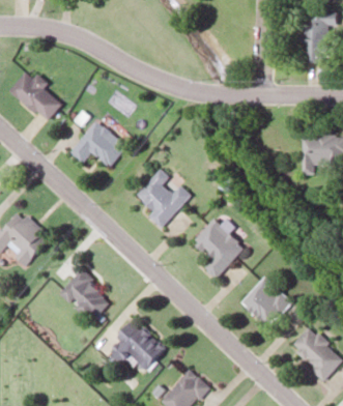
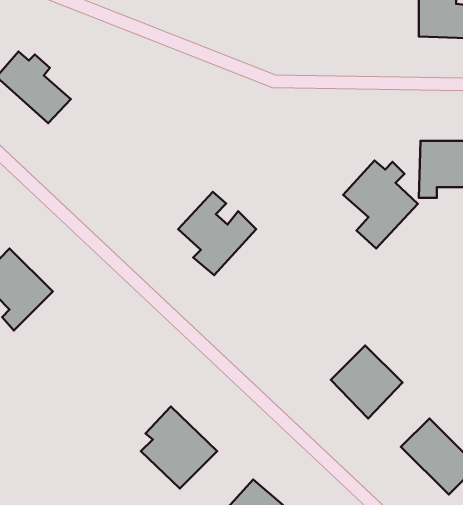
building: [70,120,127,167] -> none
building: [193,218,245,279] -> [343,160,418,248]
building: [59,269,111,322] -> none

